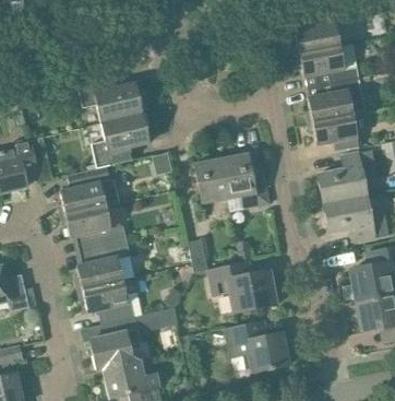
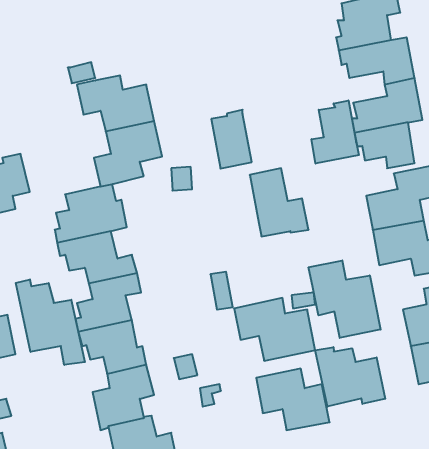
building: none -> [312,100,359,164]
building: [195,154,229,203] -> [211,110,252,169]
building: none -> [309,260,381,338]
building: none -> [16,279,85,365]
building: none -> [315,347,385,407]

